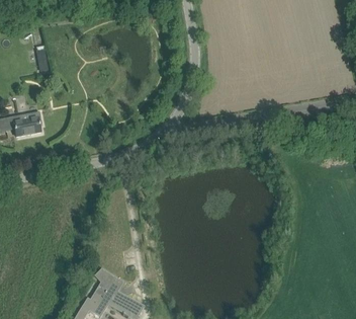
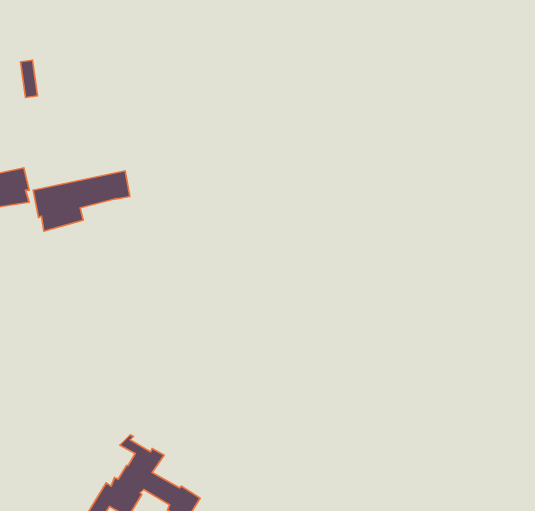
building: none -> [33,171,130,231]

